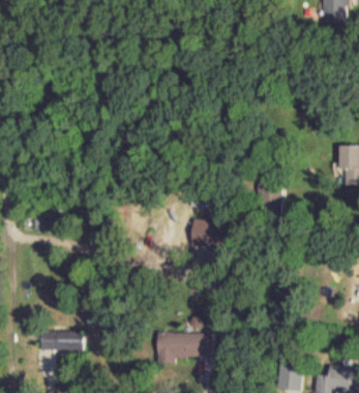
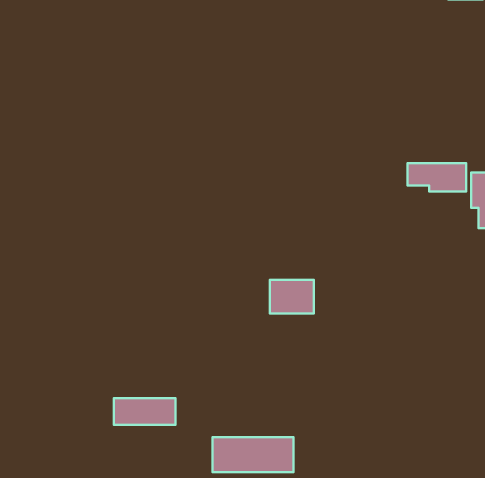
building: none -> [408,163,466,192]
building: [40,331,84,350] -> [114,398,175,425]

